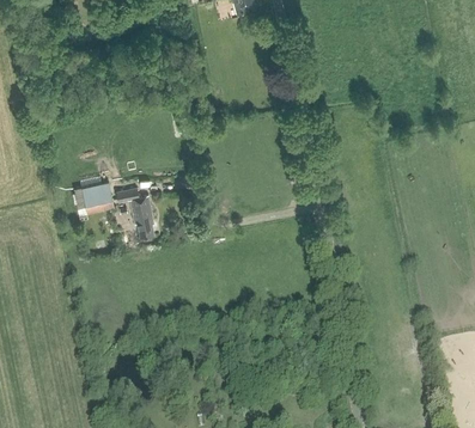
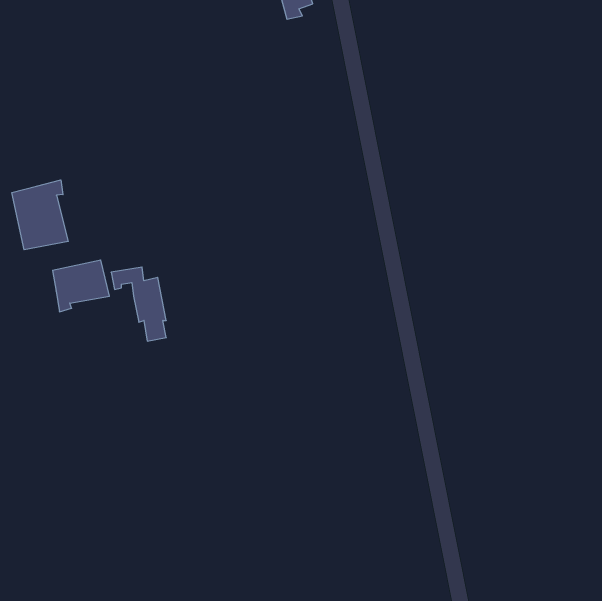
building: none -> [12,180,68,250]

